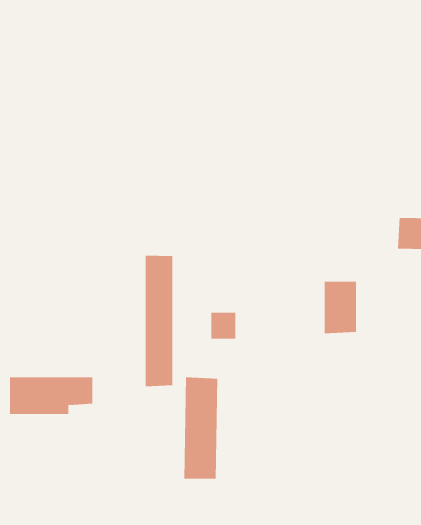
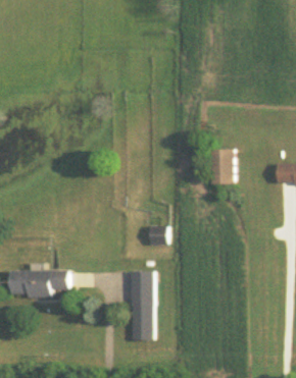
building: [145,255,173,387] -> none
building: [324,281,357,334] -> [209,150,232,185]

